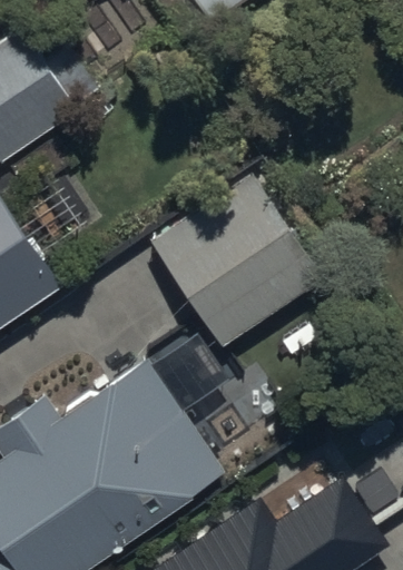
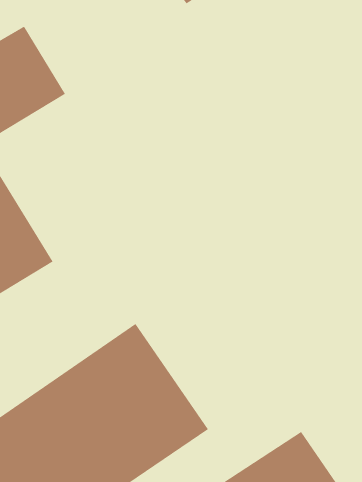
building: [156,183,322,345] -> none

